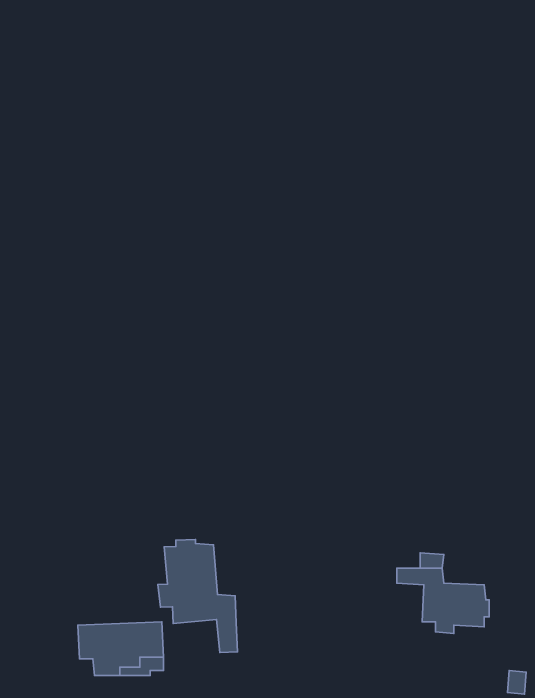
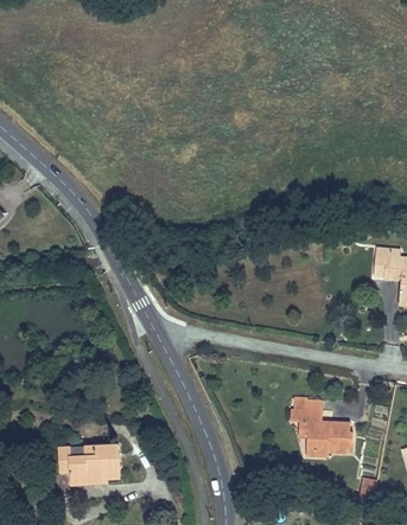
building: [158,539,237,653] -> none

